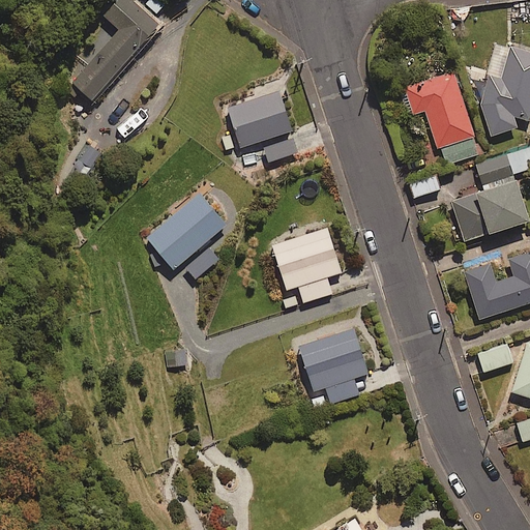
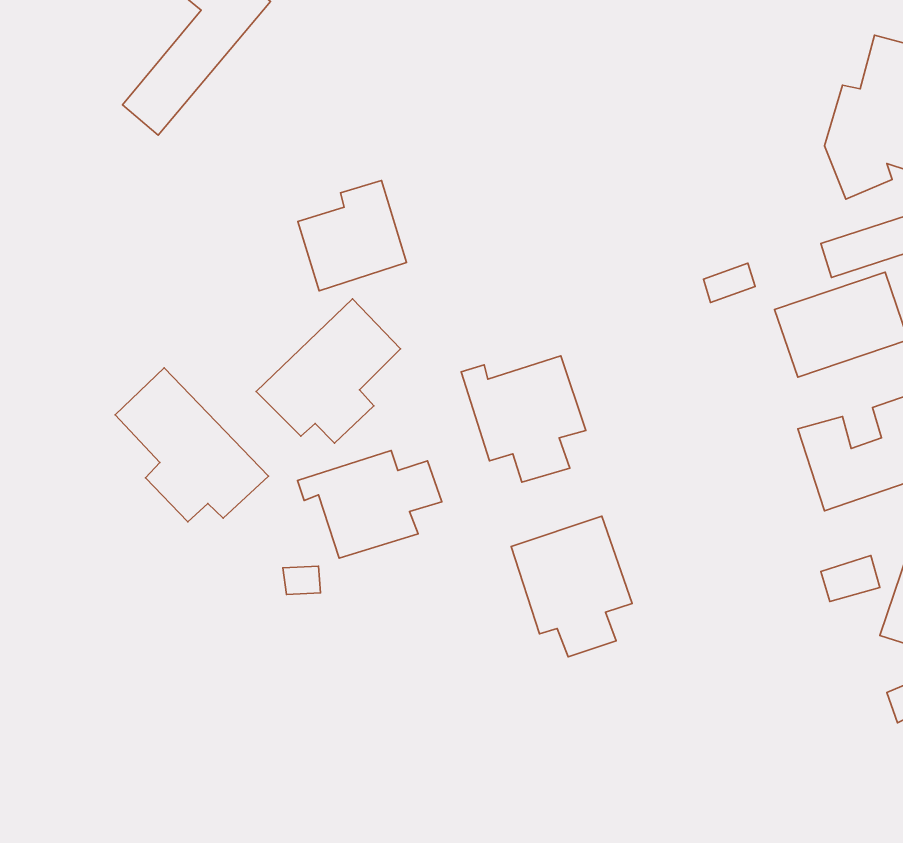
building: [405,72,479,164] -> none
building: [229,83,292,147] -> [298,180,407,291]
building: none -> [115,368,269,522]
building: none -> [297,450,442,558]

